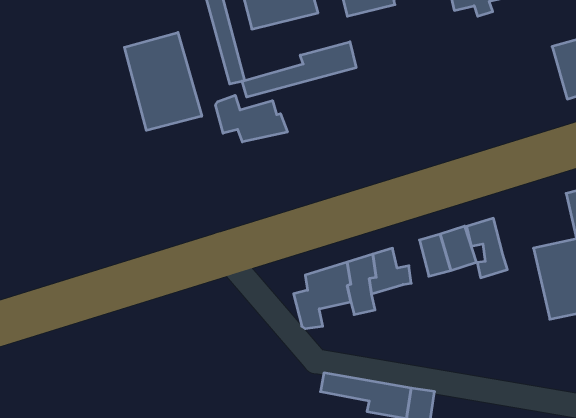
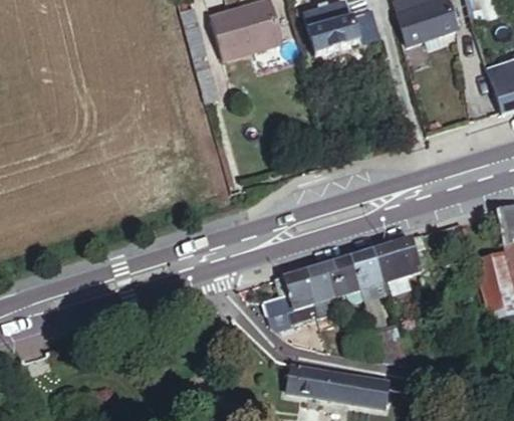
building: [124,32,202,130] -> none
building: [242,42,356,97] -> none
building: [216,95,287,142] -> none
building: [467,218,507,278] -> [349,247,384,298]

